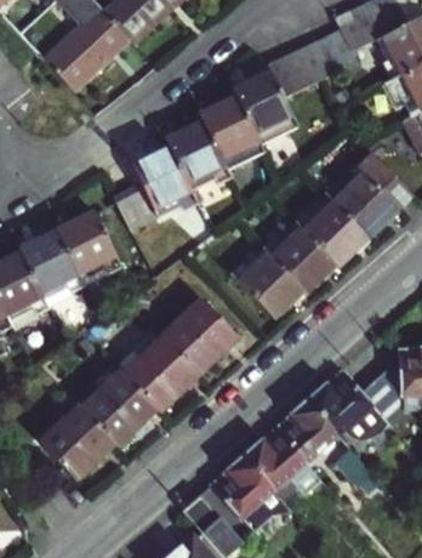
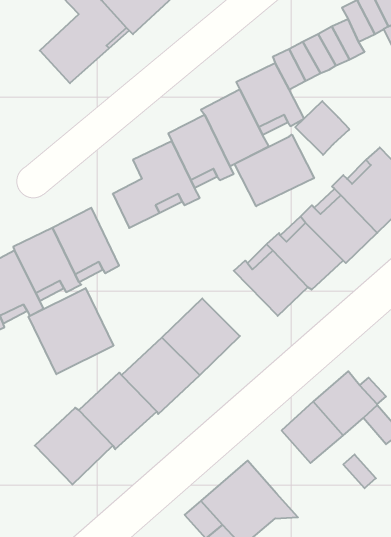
building: none -> [295,101,349,155]
building: none -> [235,135,314,206]
building: none -> [29,288,113,374]
building: [244,426,318,489] -> none

